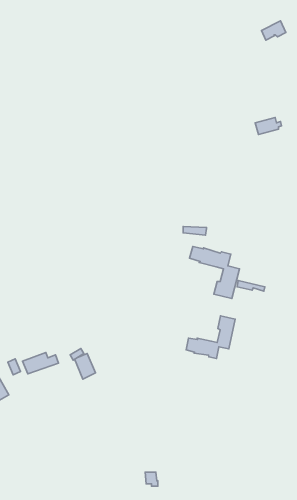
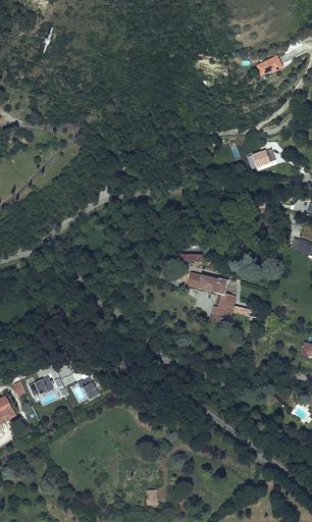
building: [186,316,235,359] -> none

